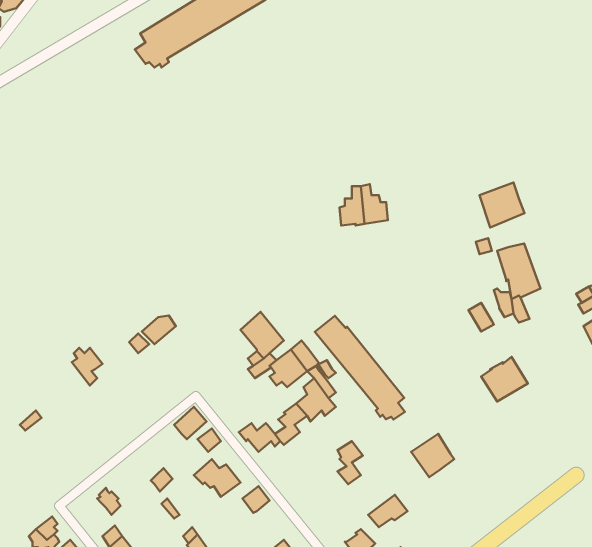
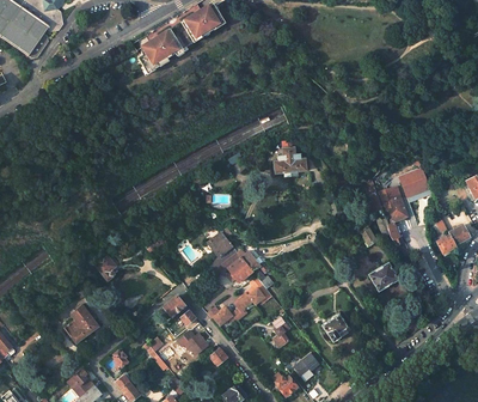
building: [479,182,524,227] -> [399,168,429,197]
building: [315,316,405,419] -> none
building: none -> [65,304,99,343]

